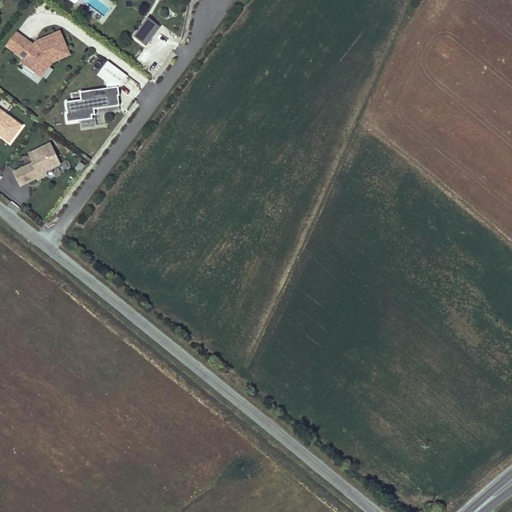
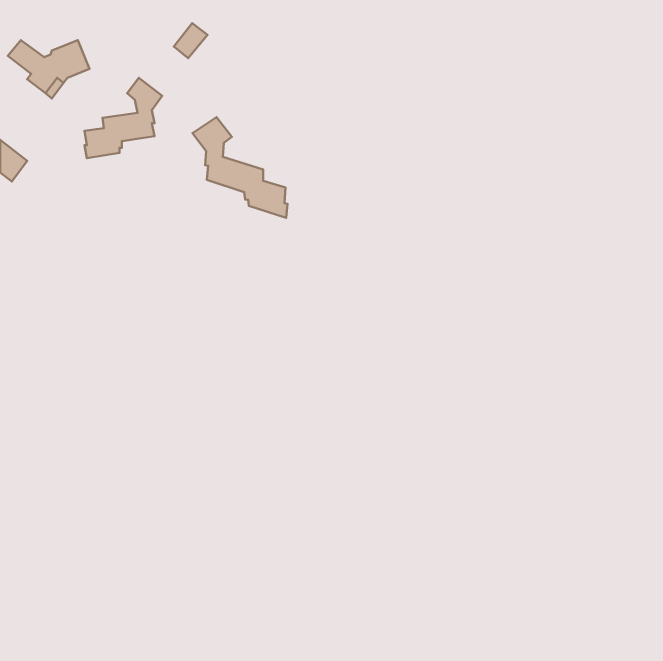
building: none -> [193,117,287,218]
building: [12,142,59,184] -> none

